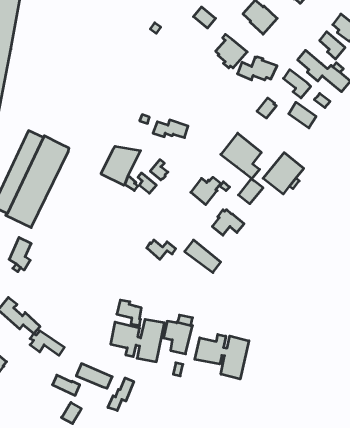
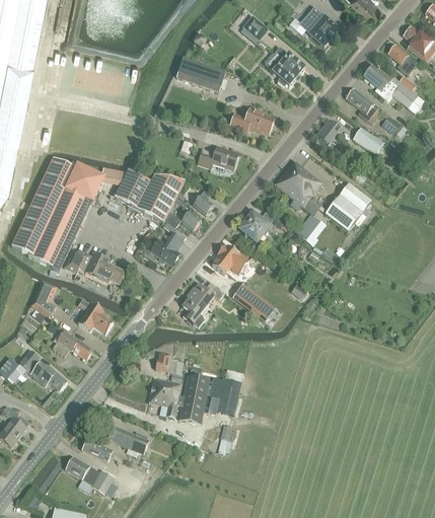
building: none -> [175,58,224,91]
building: [237,57,277,80] -> [229,107,275,134]
building: none -> [89,166,149,208]
building: none -> [150,233,183,266]
building: [212,210,244,235] -> [211,246,247,276]
building: none -> [63,249,126,283]
building: none -> [182,293,204,327]
building: none -> [77,303,113,335]
building: [30,331,64,355] -> [52,331,91,360]
building: [195,334,249,379] -> none
building: [108,378,134,411] -> none
building: none -> [64,456,99,486]

